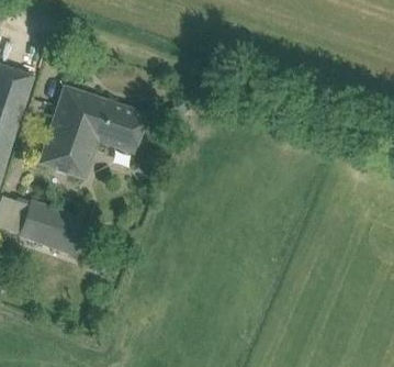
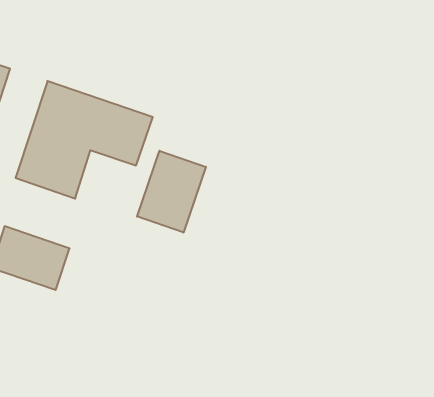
building: none -> [137,151,206,233]

